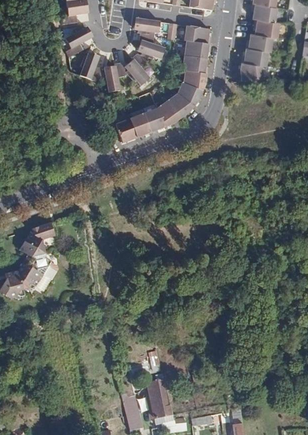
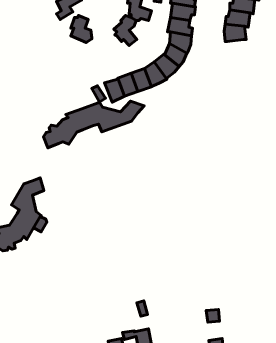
building: [102,62,128,91] -> none
building: none -> [43,101,144,148]

